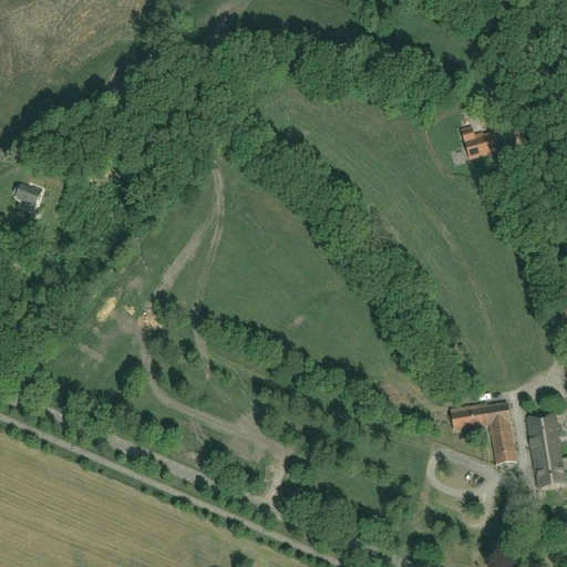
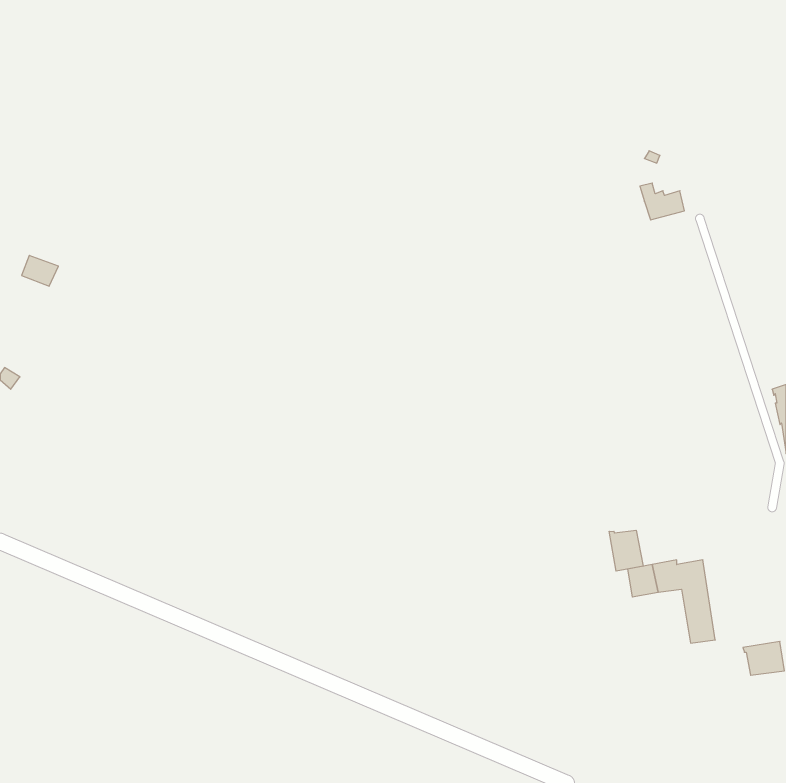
building: none -> [609,530,643,571]
building: [527,414,561,466] -> none

